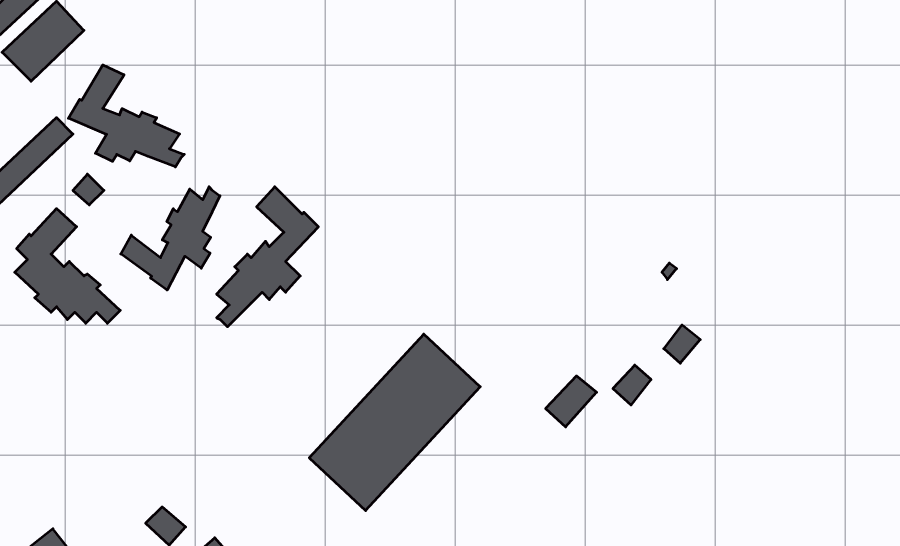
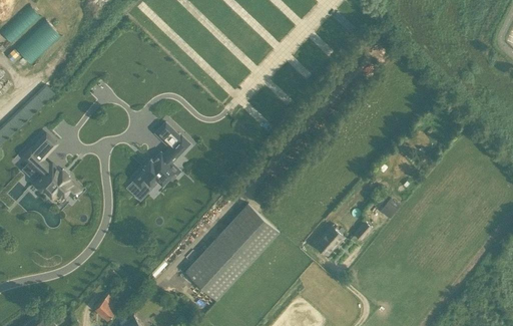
building: [68,65,184,167] -> none
building: [121,187,220,290] -> none

